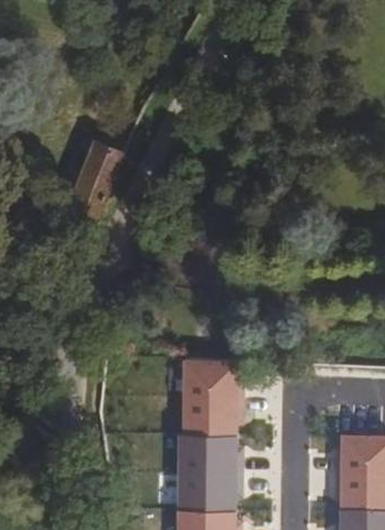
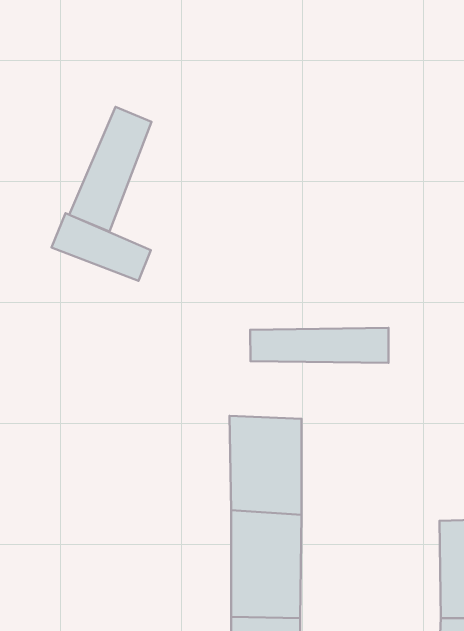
building: none -> [51,213,151,281]
building: none -> [250,328,389,363]

